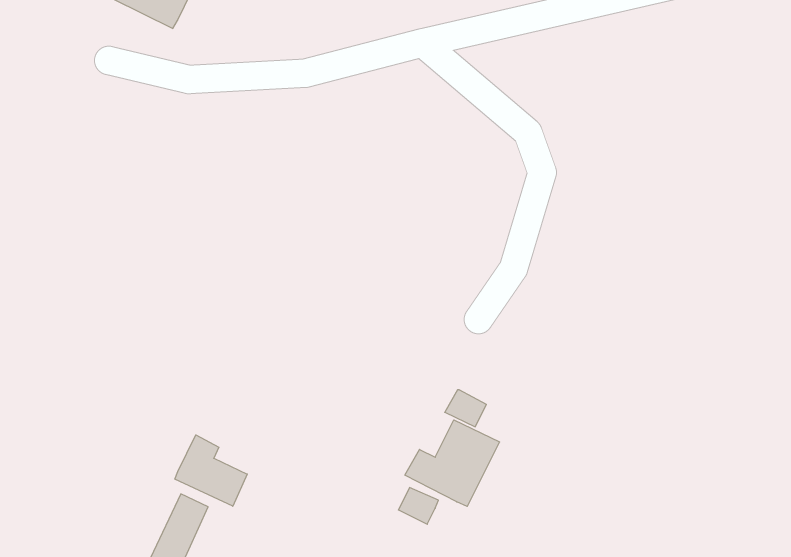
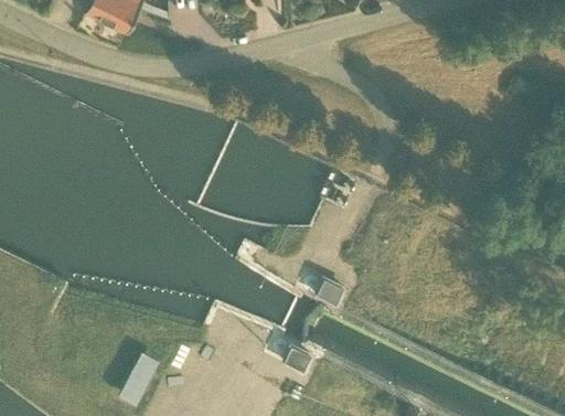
building: [405,420,500,506] -> none
building: [175,435,247,506] -> none

